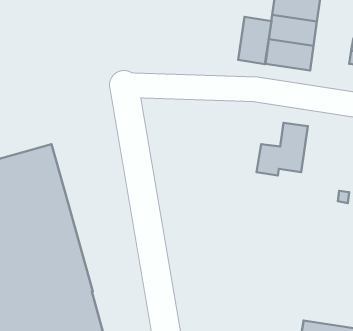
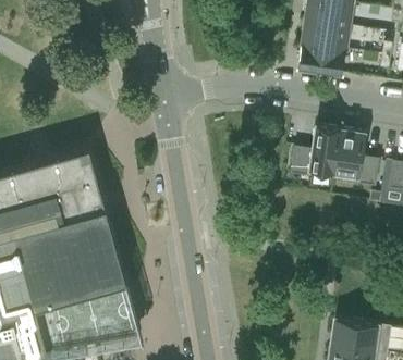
building: [238,17,271,64] -> none
building: none -> [332,133,378,190]

